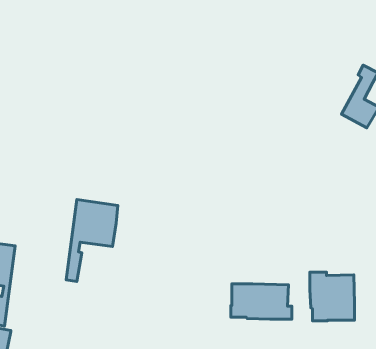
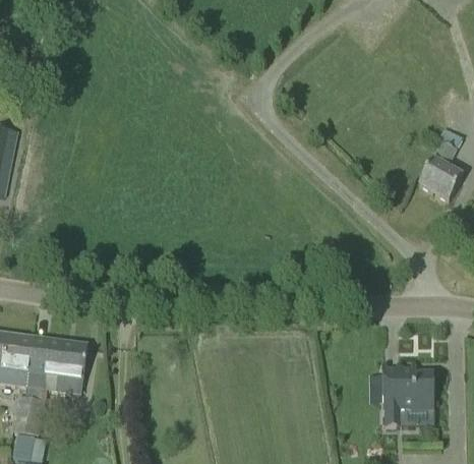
building: [66,199,118,282] -> [26,336,86,431]
building: [231,284,292,319] -> none

